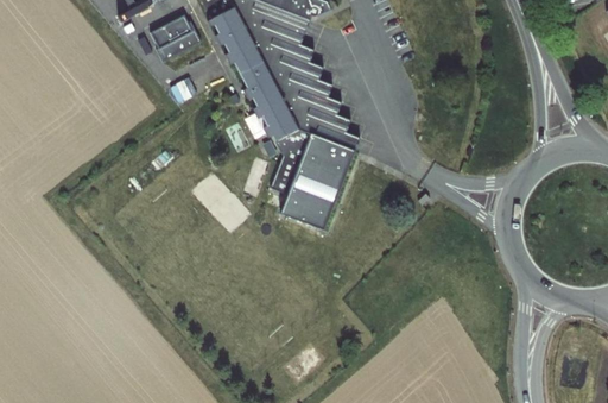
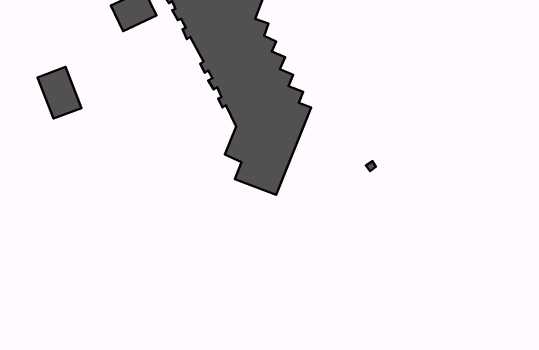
building: none -> [37,67,81,119]

